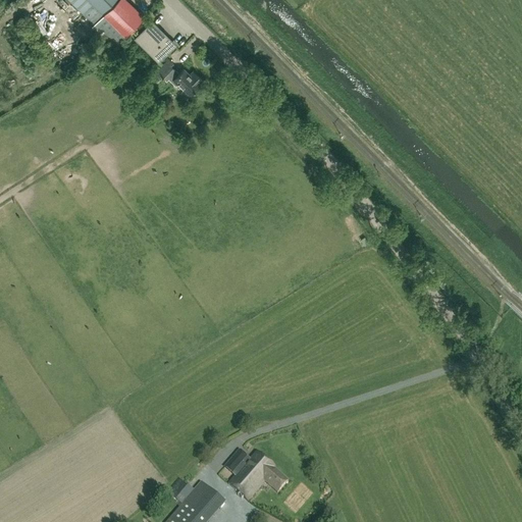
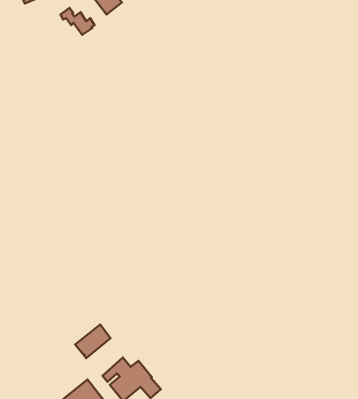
building: [161,64,202,93] -> [60,8,94,35]
building: none -> [75,324,110,358]

